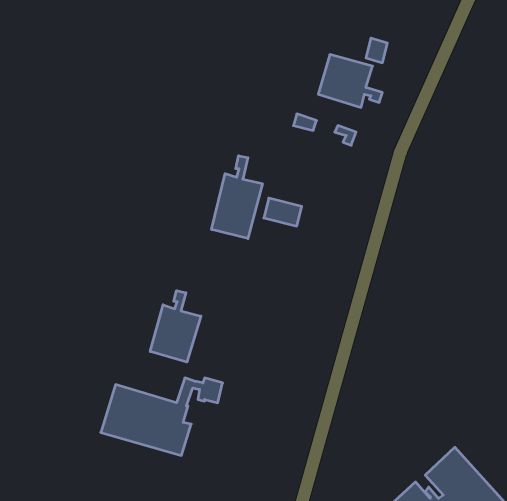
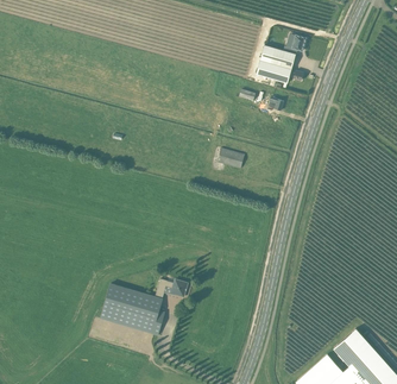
building: [212,156,262,239] -> none
building: [150,291,201,362] -> none

